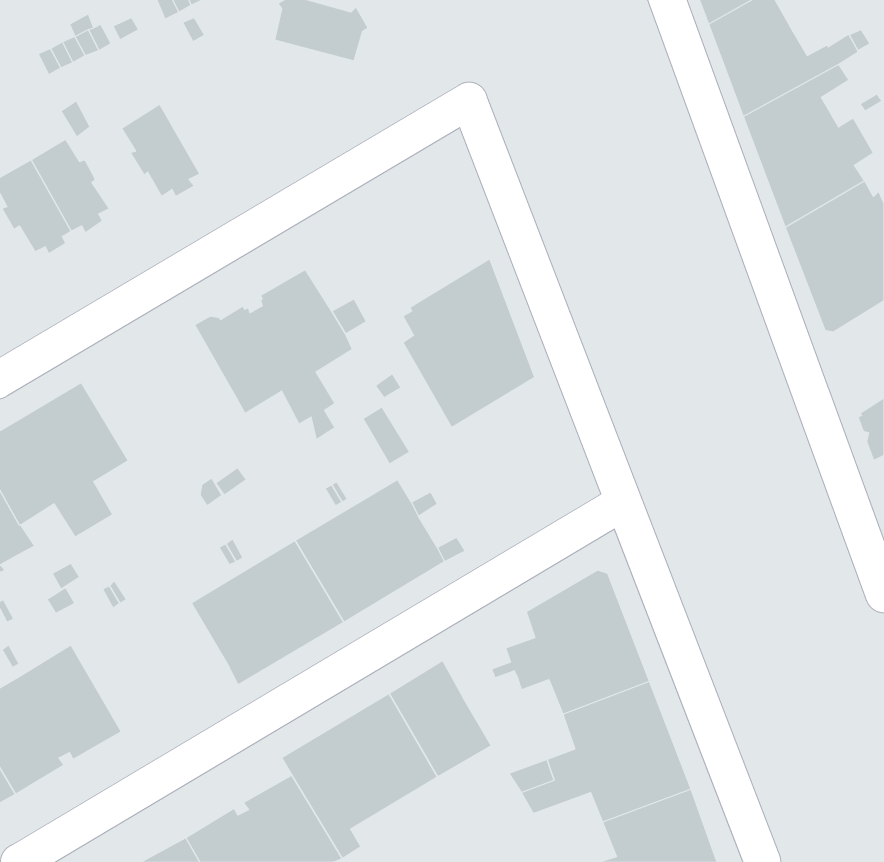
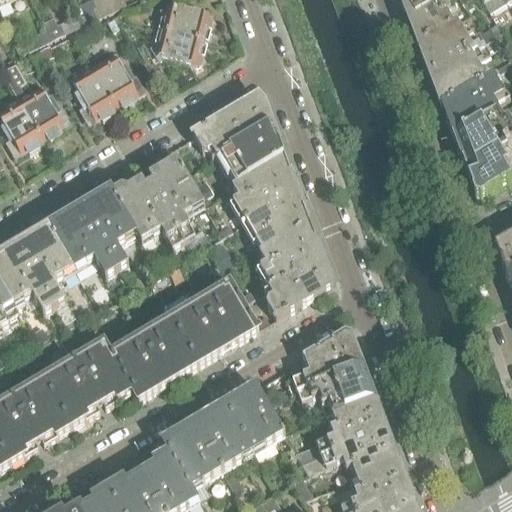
building: none -> [150,23,204,60]
building: none -> [92,48,136,101]
building: none -> [192,91,282,177]
building: none -> [47,183,136,271]
building: none -> [258,217,332,313]
building: none -> [41,336,132,421]

